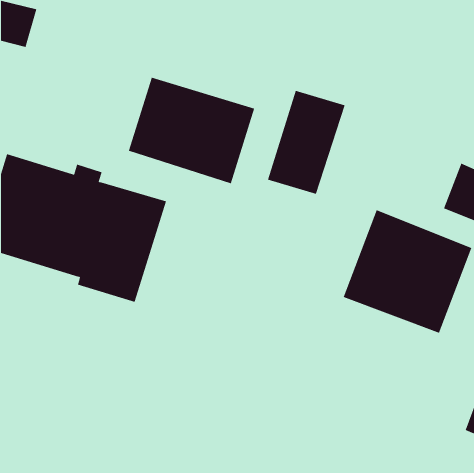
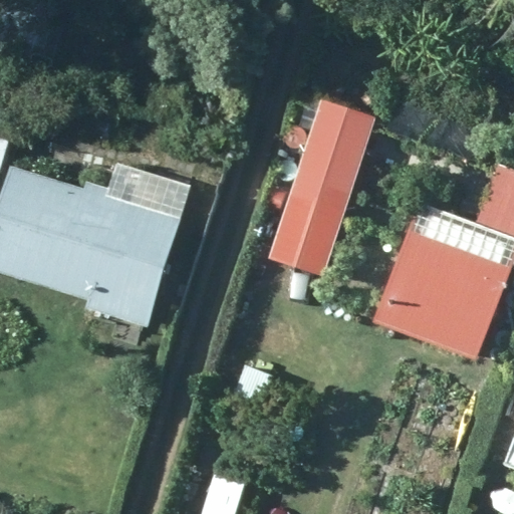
building: [128,77,255,184] -> none

